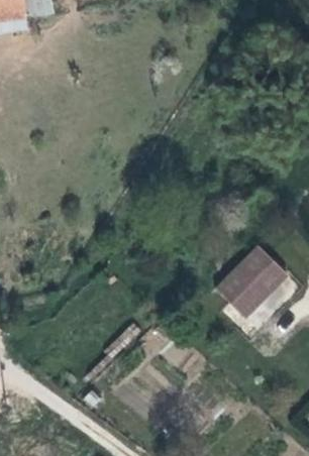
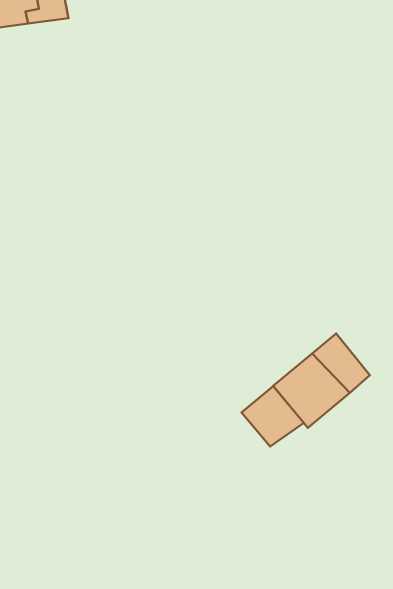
building: none -> [242,386,304,447]

